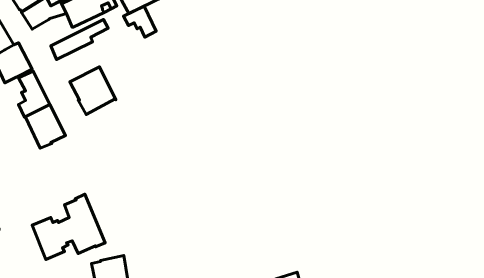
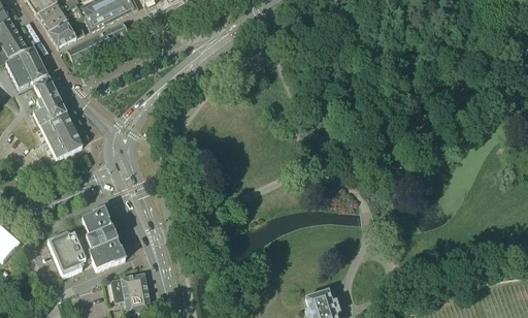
building: [124,6,156,37] -> none
building: none -> [47,22,84,46]
building: [70,67,116,115] -> none

